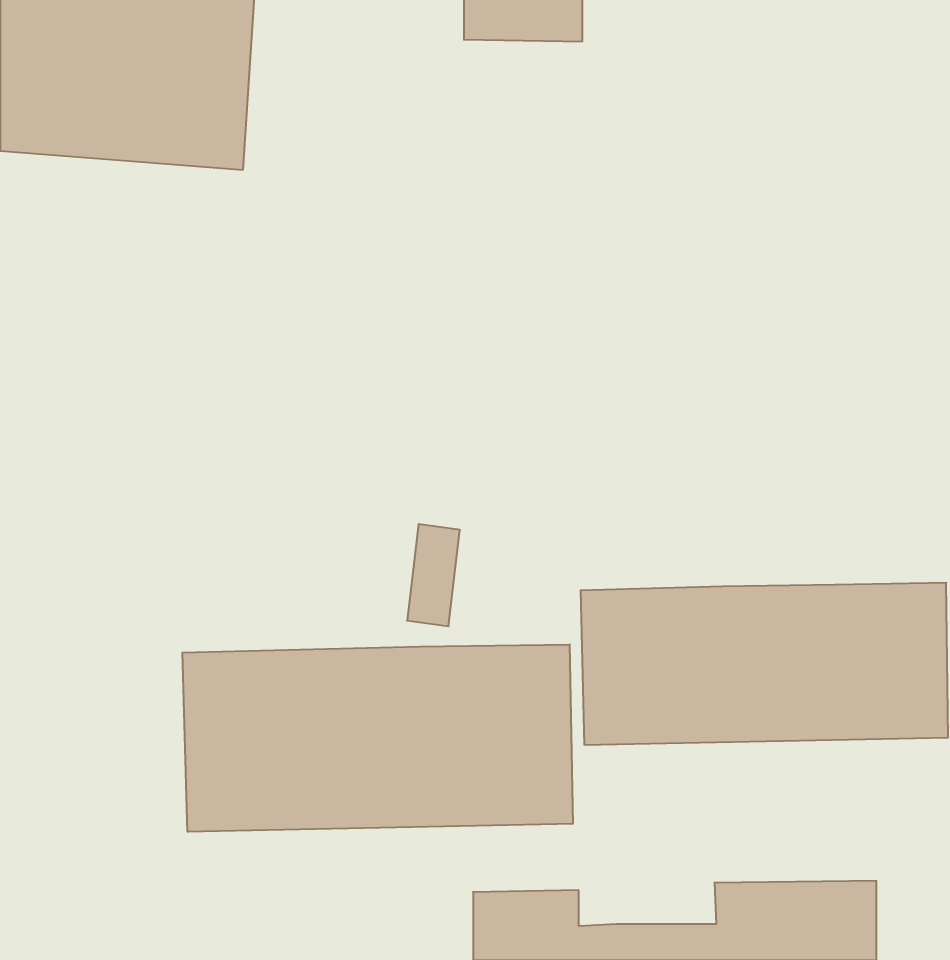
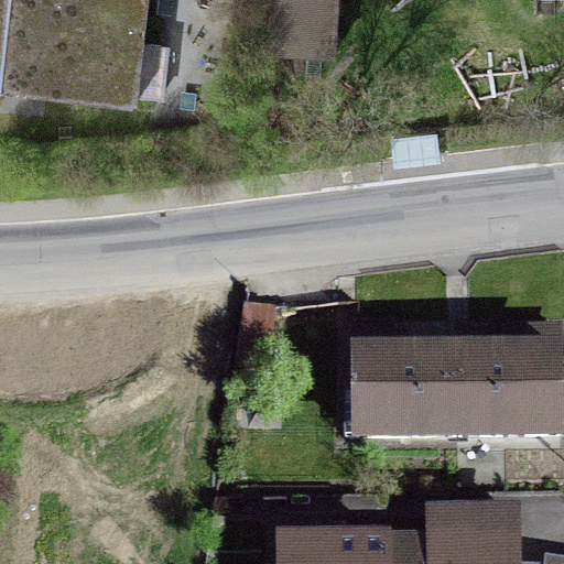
building: [182,644,573,832] -> none

